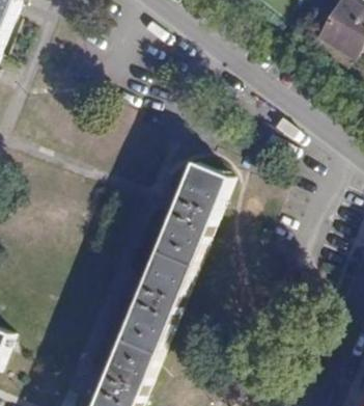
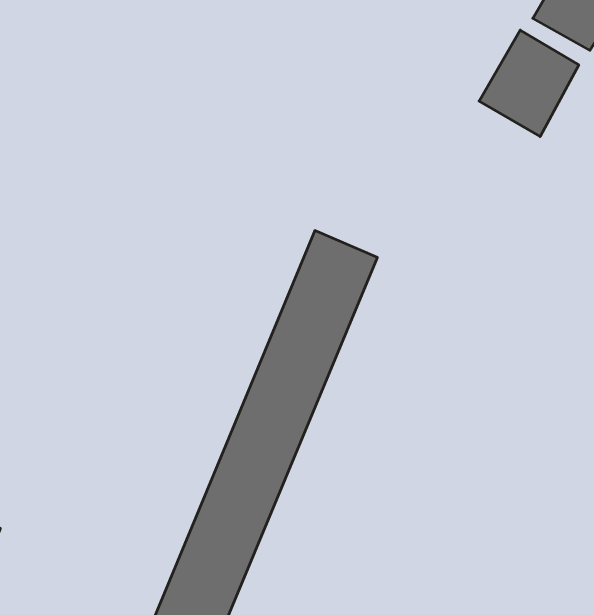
building: none -> [479,30,579,137]

